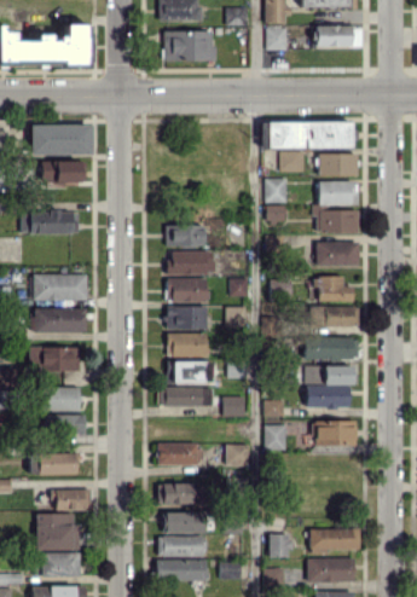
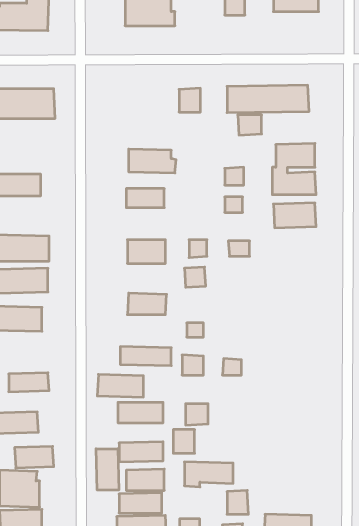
building: [319,153,358,175] -> none
building: [42,161,82,185] -> none
building: [265,178,286,202] -> [179,88,200,112]
building: [168,250,216,274] -> [129,149,176,173]
building: [317,276,353,301] -> none
building: [166,306,207,329] -> none
building: [312,306,360,328] -> none
building: [305,337,358,359] -> none
building: [164,360,212,383] -> [97,374,143,397]
building: [305,364,359,408] -> none
building: [42,387,80,411] -> none
building: [305,419,355,445] -> none
building: [263,425,285,450] -> [173,430,195,453]
building: none -> [96,449,119,490]
building: [309,528,359,553] -> [184,462,233,487]

